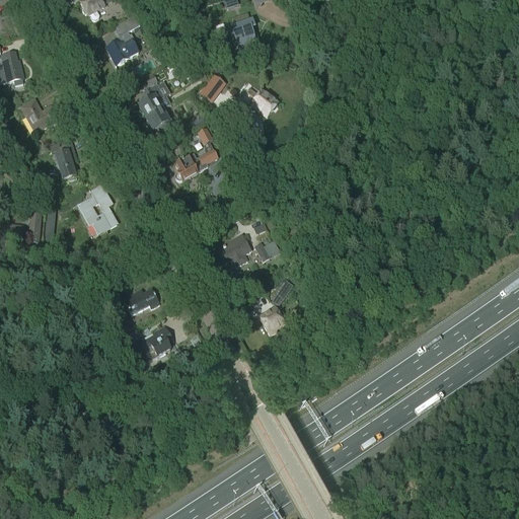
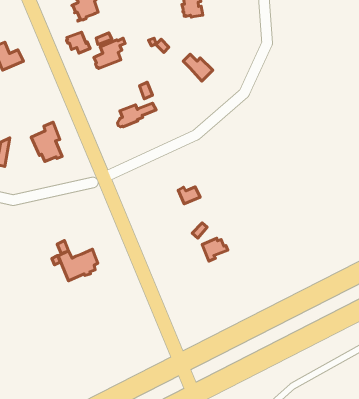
building: [145,108,173,133] -> [66,32,90,53]
building: [51,142,76,179] -> none
building: [217,233,250,266] -> none
building: [122,288,159,314] -> none
building: [258,307,289,335] -> [202,238,228,261]

